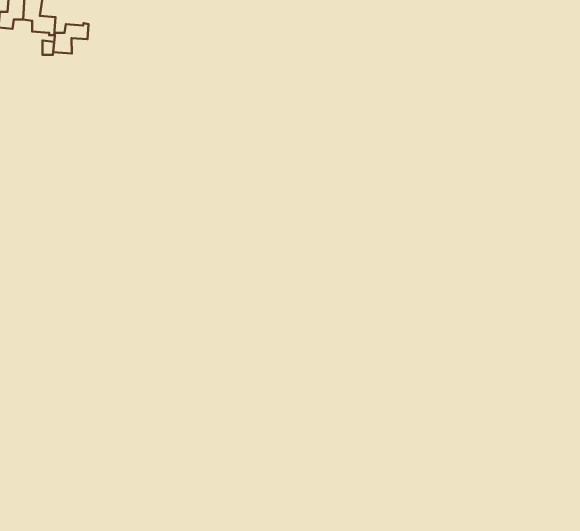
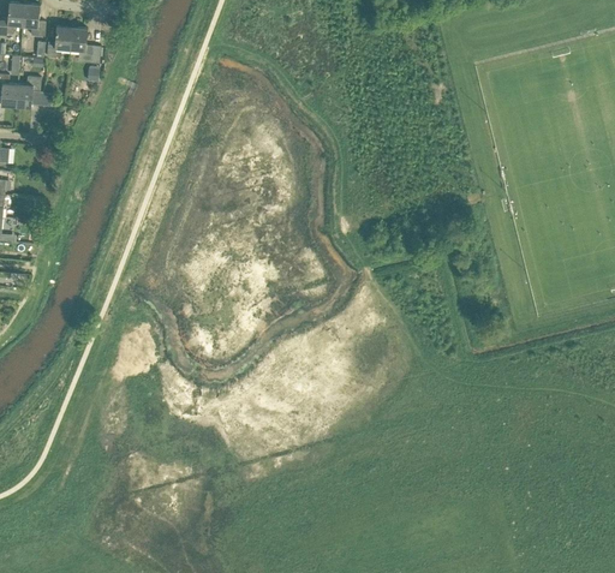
building: [53,23,89,54] -> none

